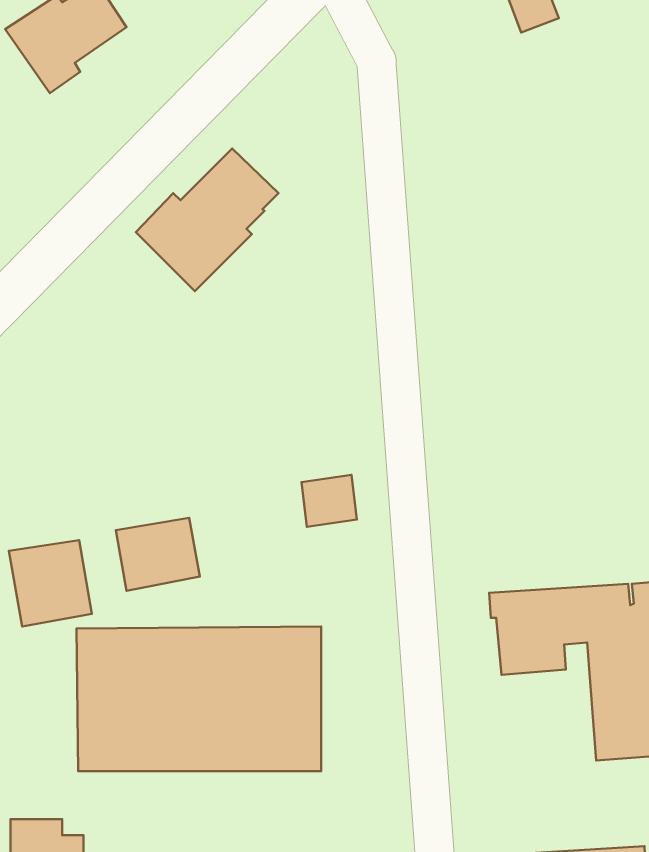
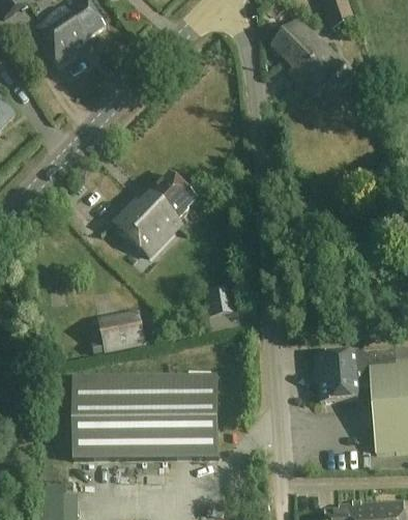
building: none -> [272,18,344,94]
building: [136,148,279,291] -> [114,172,197,255]
building: [9,540,92,627] -> none

